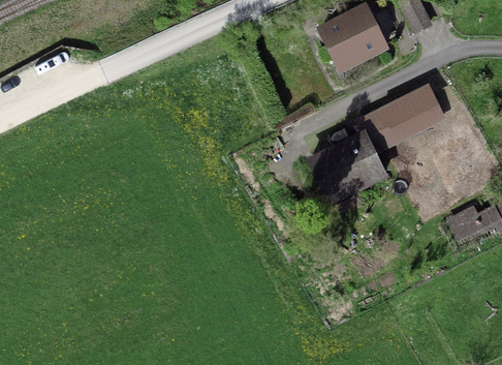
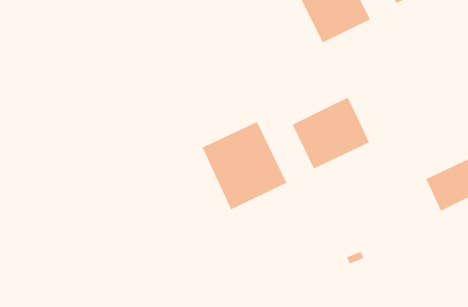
building: [354,83,446,152] -> none
building: none -> [202,121,287,210]

